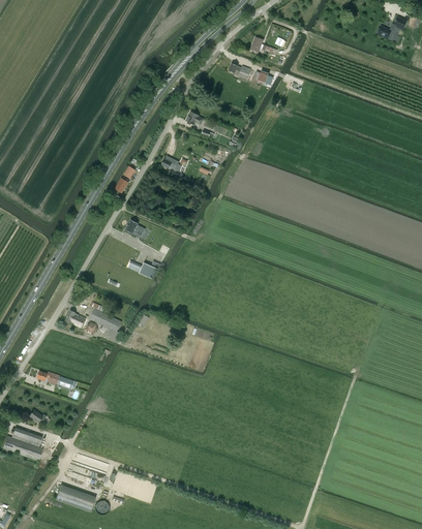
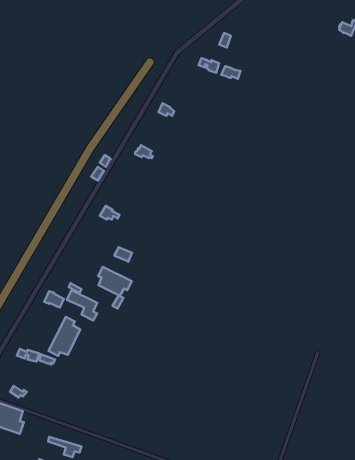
building: none -> [98,267,132,296]
building: none -> [49,317,80,356]

